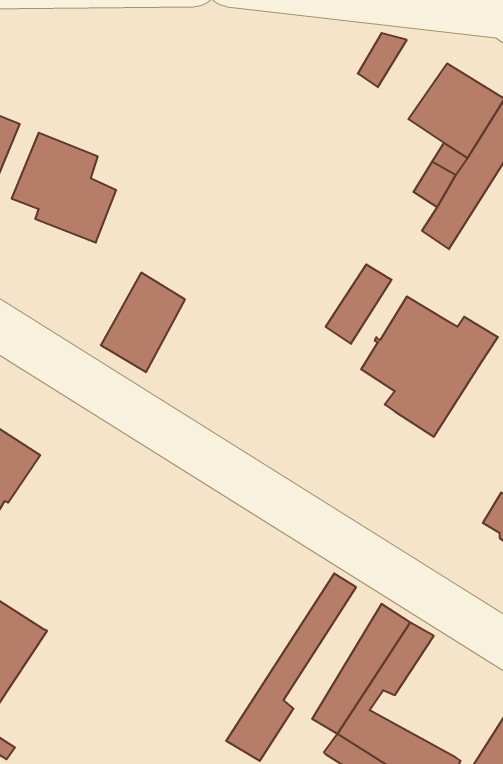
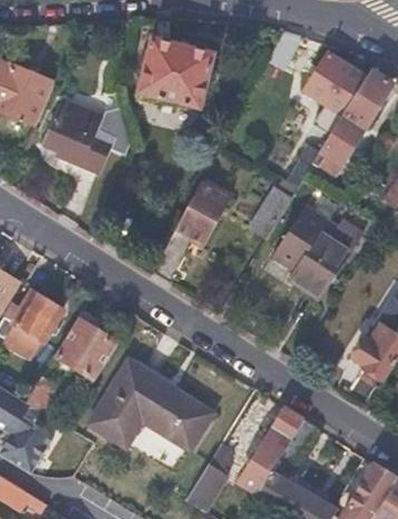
building: none -> [141,38,215,106]
building: [101,273,185,372] -> [176,179,232,245]
building: none -> [54,310,116,378]
building: none -> [88,359,211,448]

